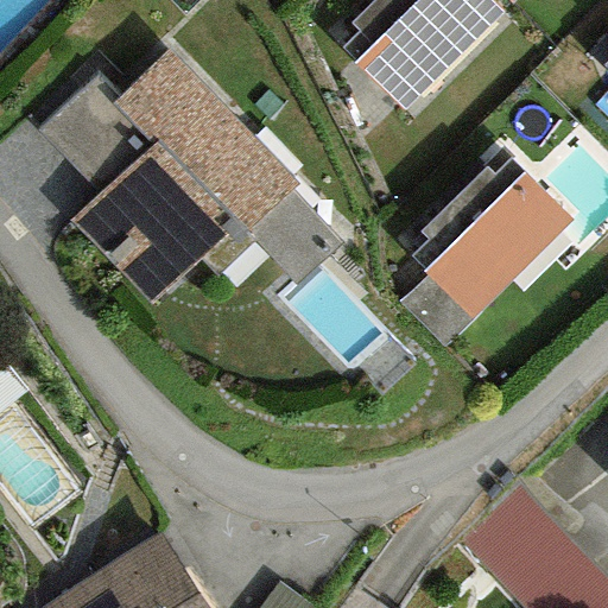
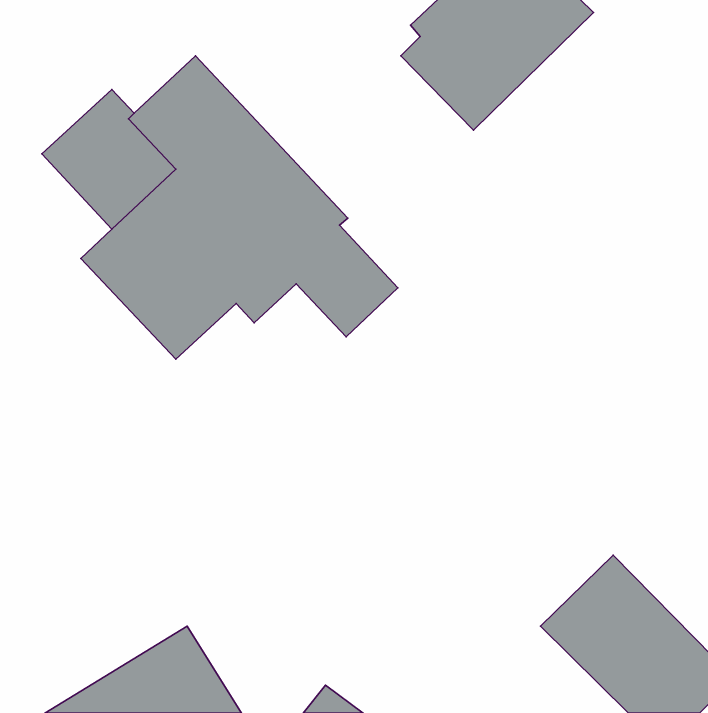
building: [403,158,575,346] -> none

